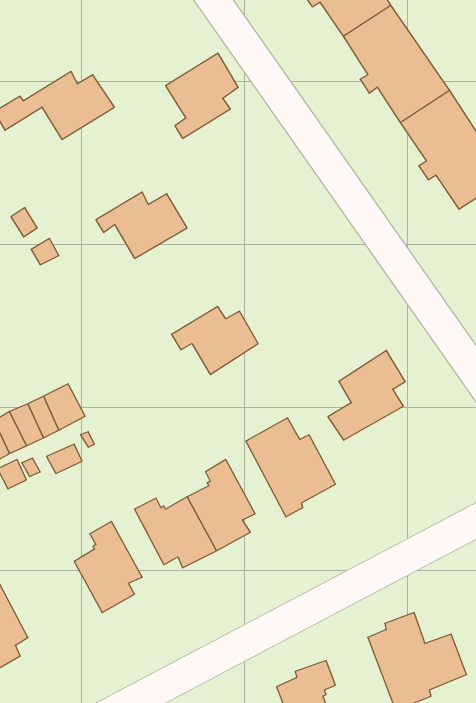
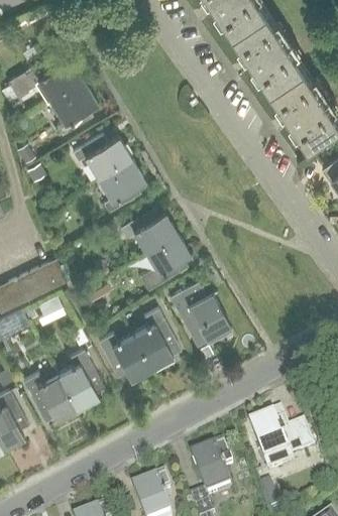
building: [166,53,238,138] -> [49,81,97,136]
building: none -> [97,159,144,213]
building: [328,350,405,440] -> [139,235,190,293]
building: none -> [23,376,76,421]

